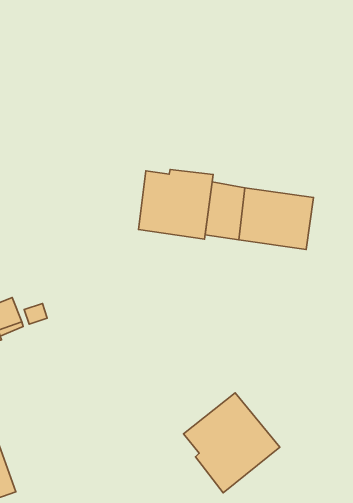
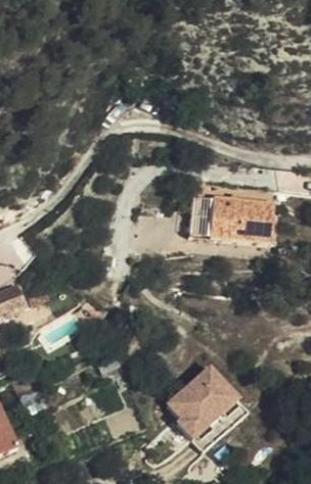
building: [138,170,213,239] -> none

